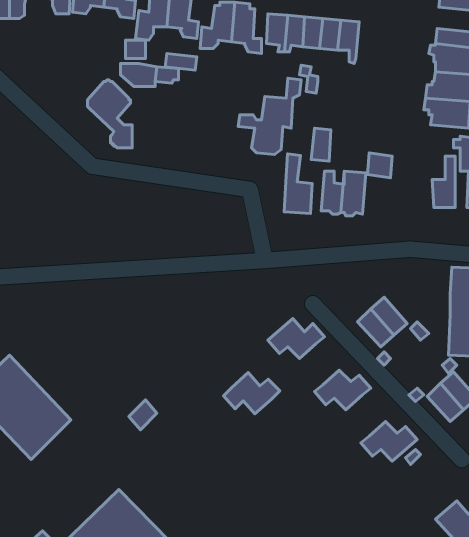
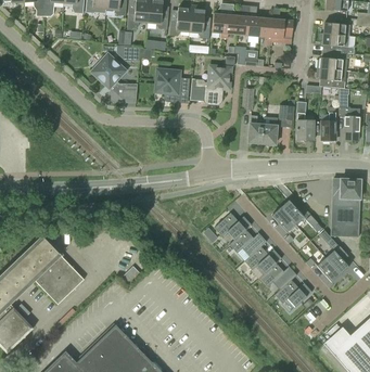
building: none -> [270,18,292,43]
building: none -> [156,70,189,102]
building: [284,154,312,213] -> [295,101,314,140]
building: [223,373,280,414] -> [228,229,265,256]
building: none -> [258,262,295,290]

